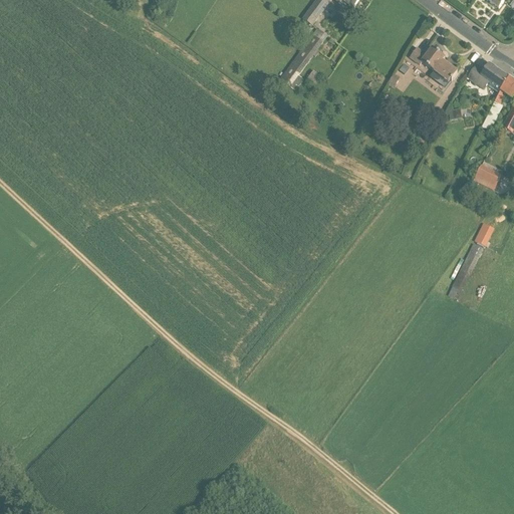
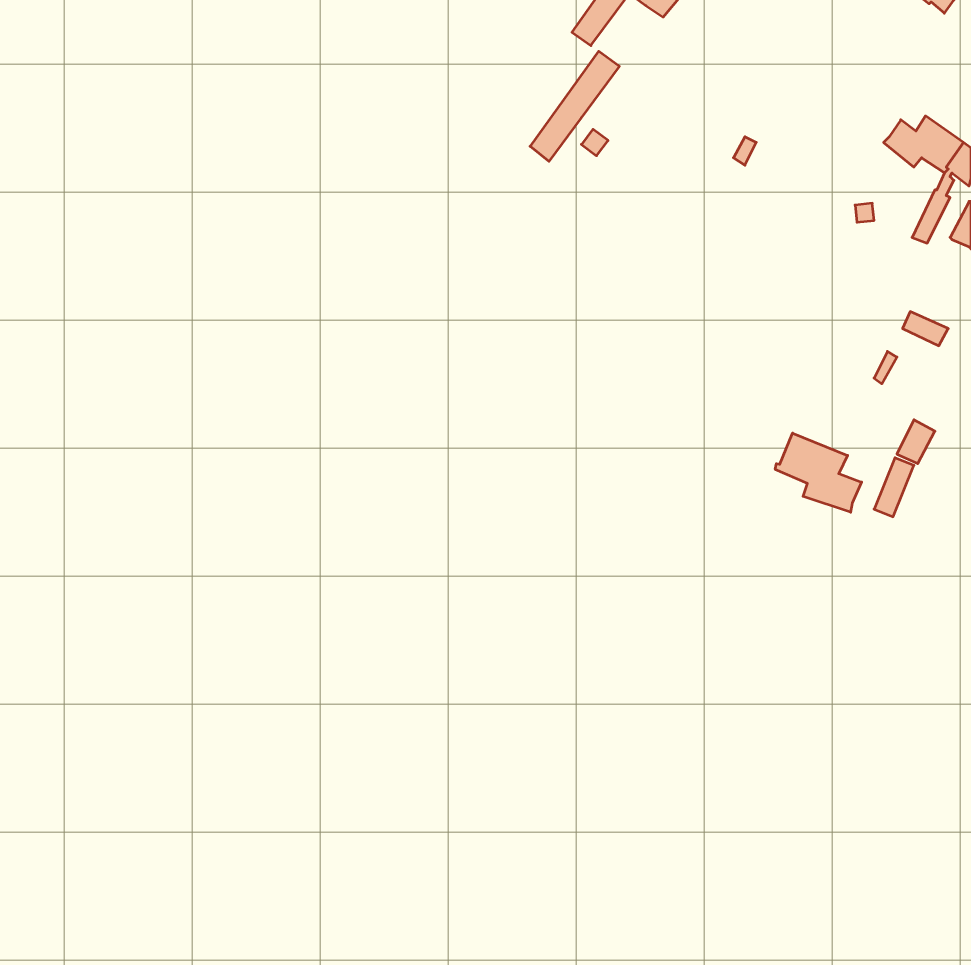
building: [410,46,457,79] -> none
building: none -> [775,433,862,512]

